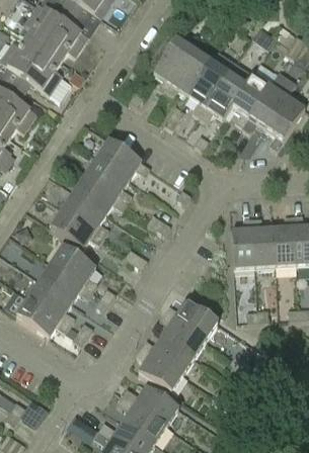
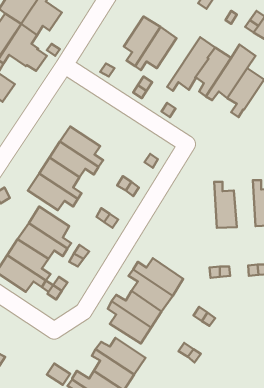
building: [189,51,236,115] -> none
building: [96,140,150,179] -> none
building: [273,215,296,266] -> none
building: [231,217,254,268] -> none

